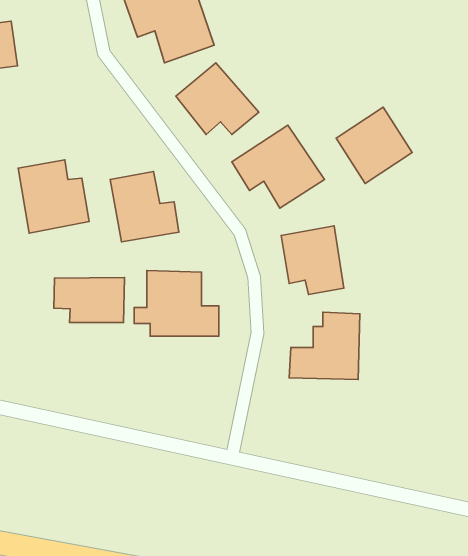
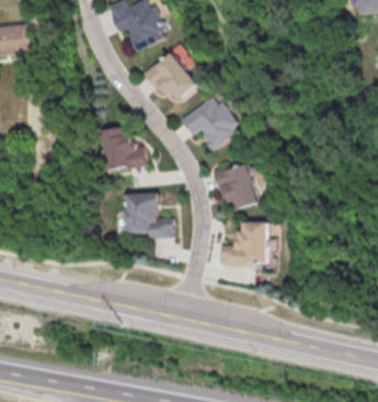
building: [336,107,412,183] -> none
building: [18,160,89,233] -> none
building: [54,278,124,323] -> none

